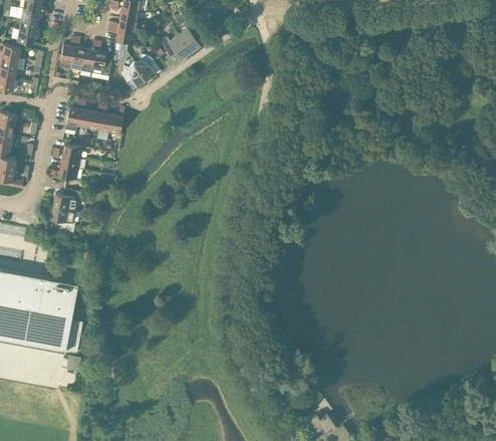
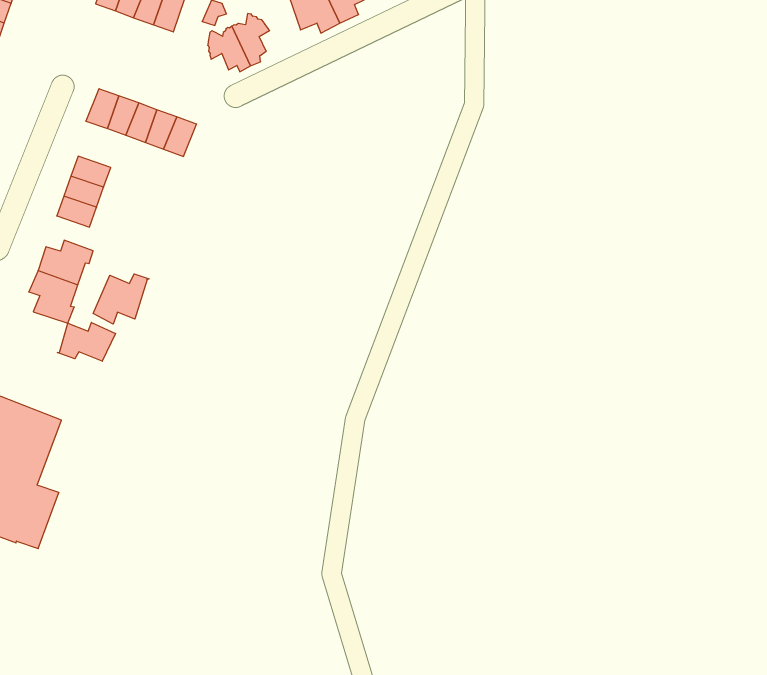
building: none -> [93,274,149,324]
building: none -> [57,322,115,361]

